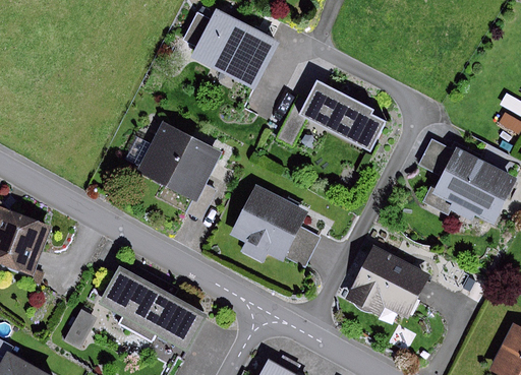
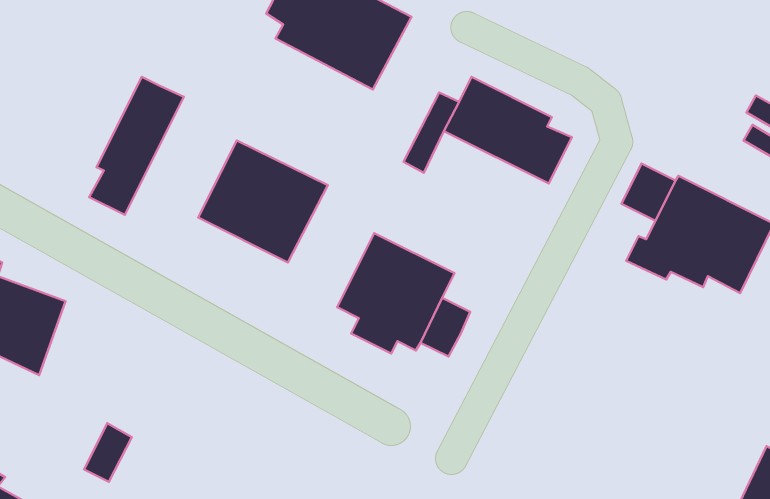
building: none -> [89,77,184,215]
building: [345,245,431,319] -> none
building: [98,266,207,354] -> none

